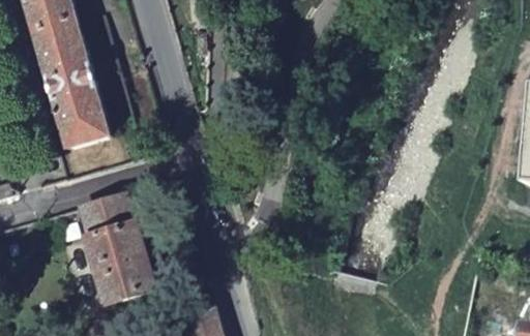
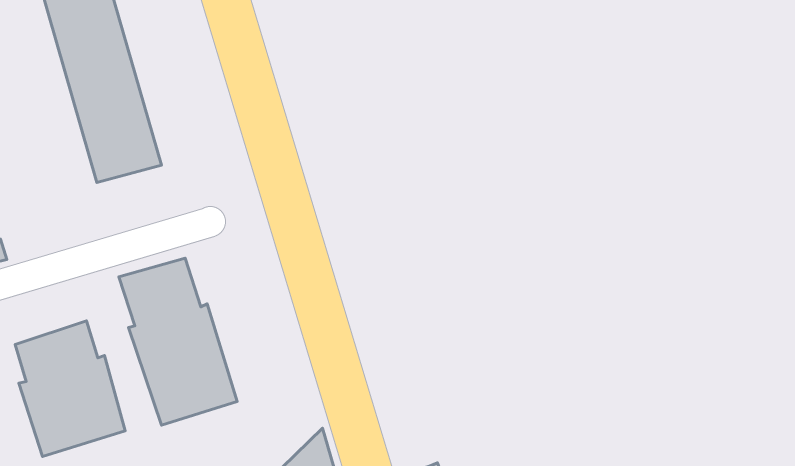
building: none -> [15,321,125,457]

